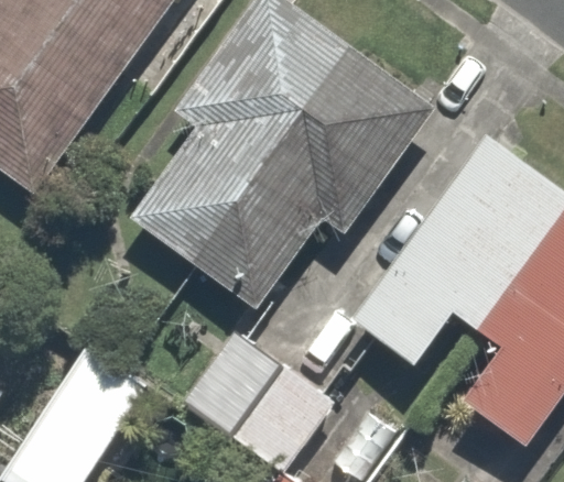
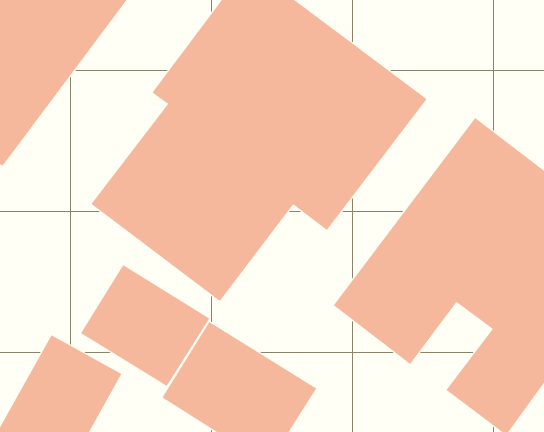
building: none -> [80,264,210,387]

